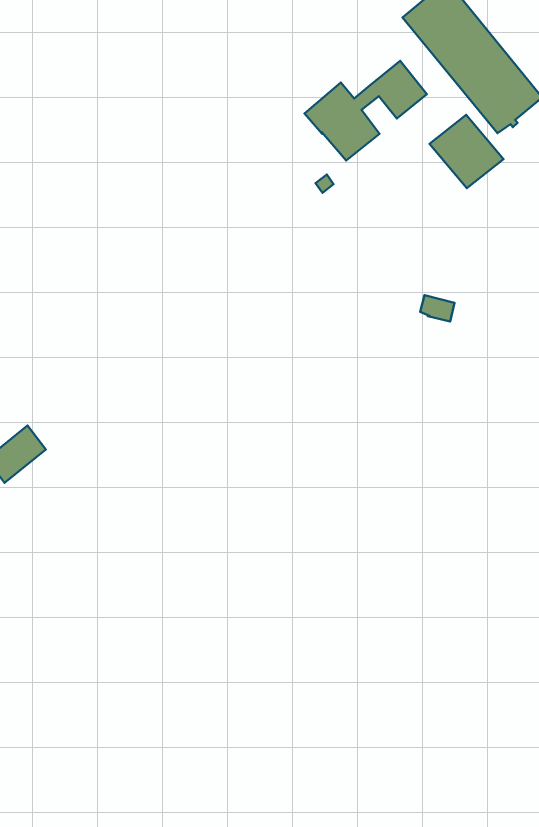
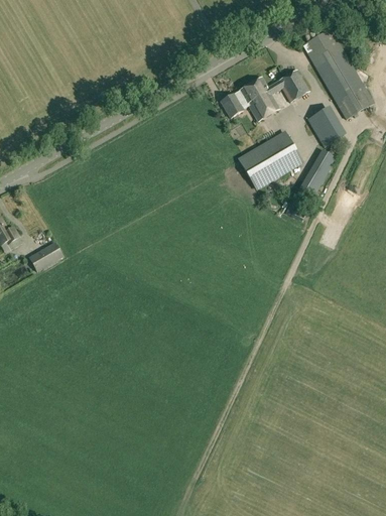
building: none -> [221,91,248,118]
building: none -> [238,130,303,190]
building: none -> [299,149,337,197]

